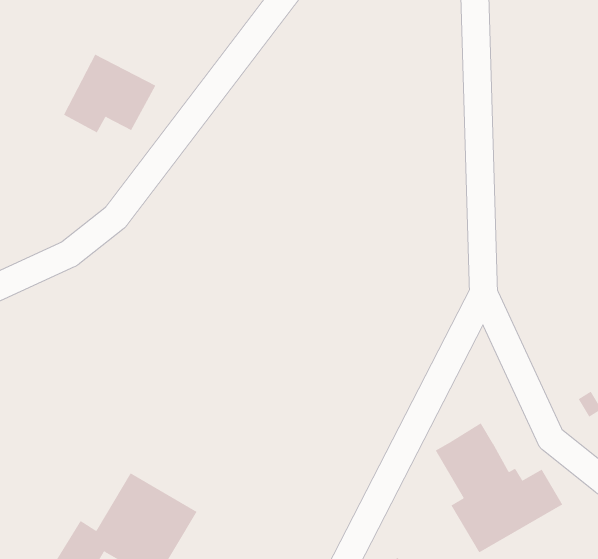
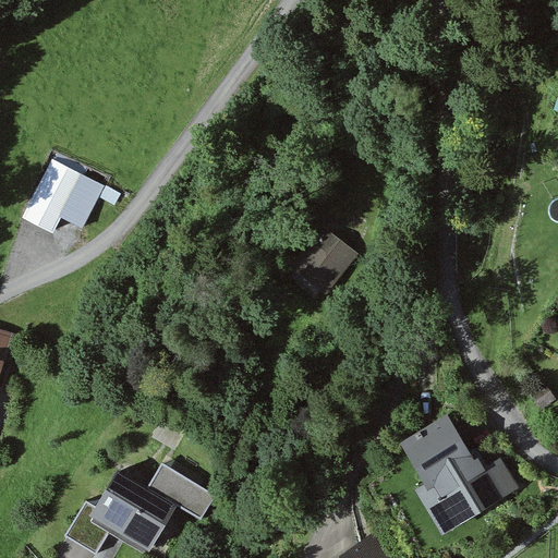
building: [63,54,156,133] -> [23,160,106,231]
building: none -> [287,233,351,301]

